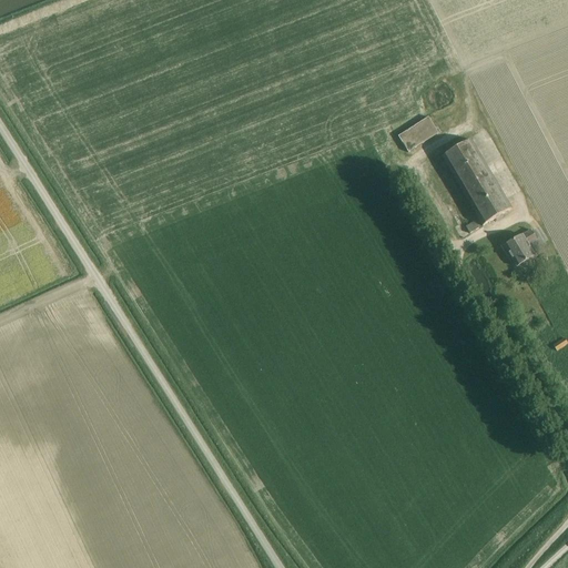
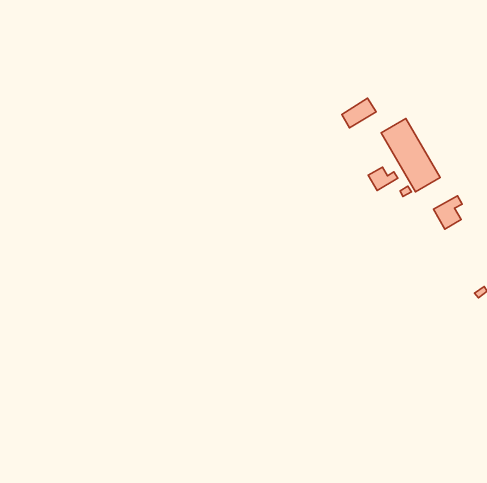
building: none -> [368,167,398,190]

